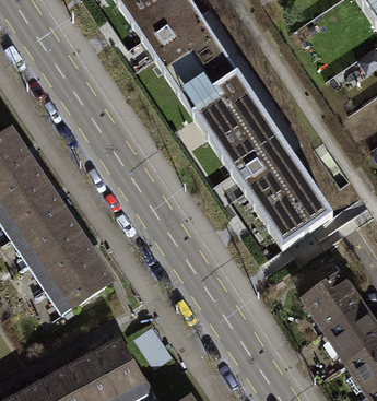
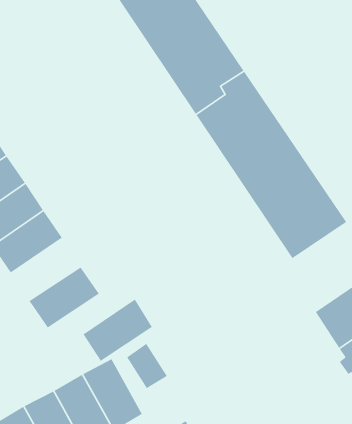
building: [26,227,91,285] -> [83,298,153,362]

